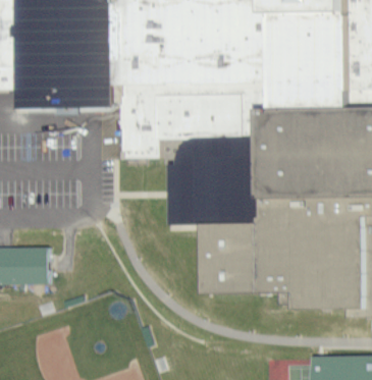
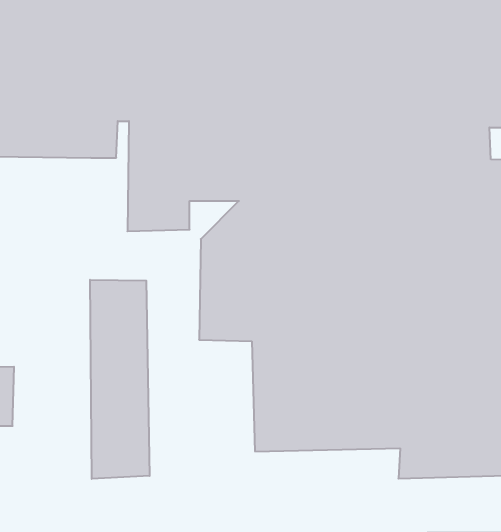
building: none -> [90,280,150,479]

